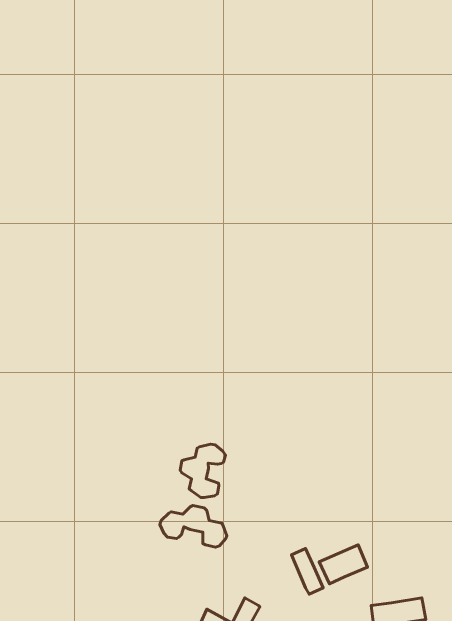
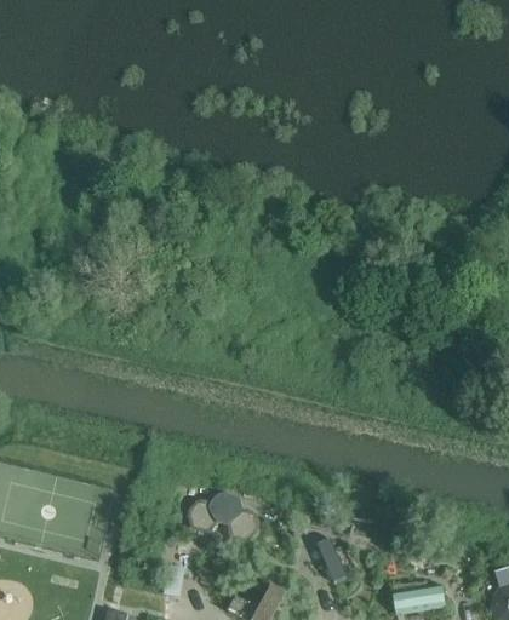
building: [180,444,226,497] -> none
building: [319,545,368,584] -> none

